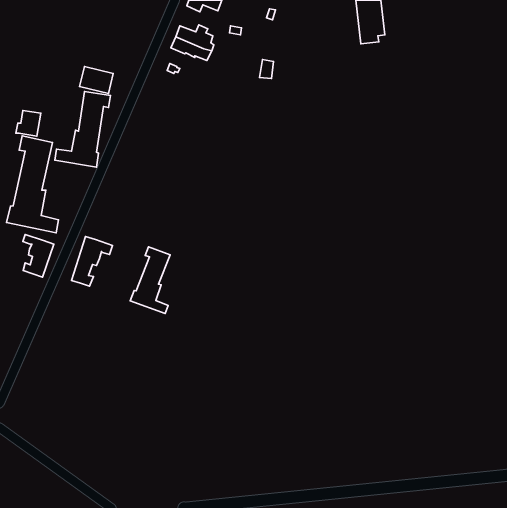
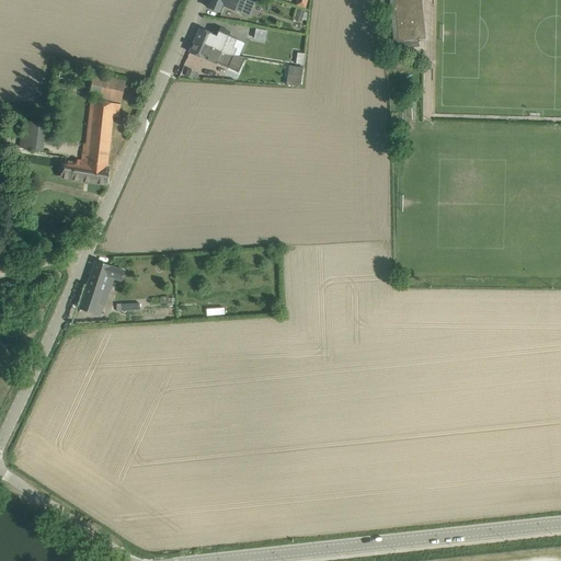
building: [7,136,59,233] -> none
building: [23,235,54,277] -> none
building: [130,247,170,314] -> none

